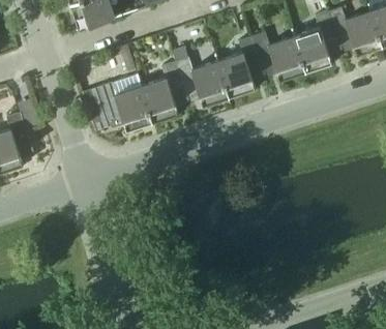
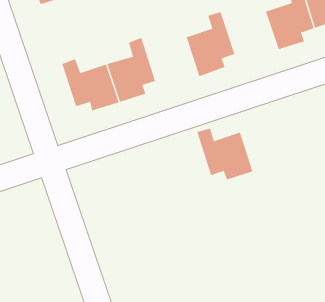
building: [251,29,306,80] -> none
building: [175,55,230,106] -> [196,128,253,180]

